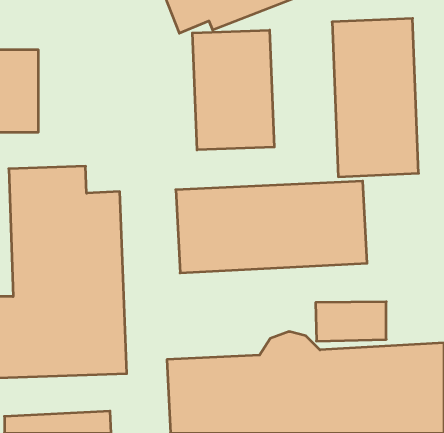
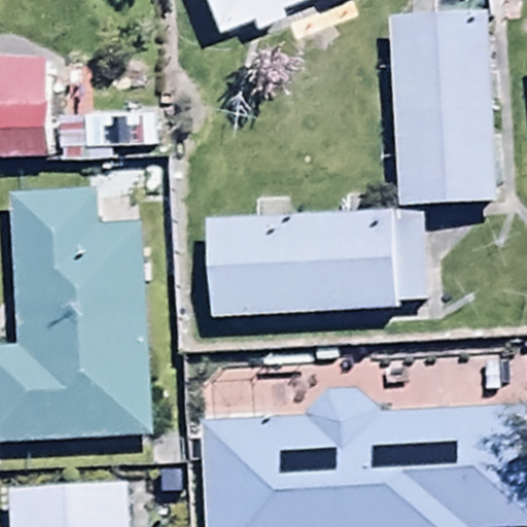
building: [192,30,274,150] -> none

